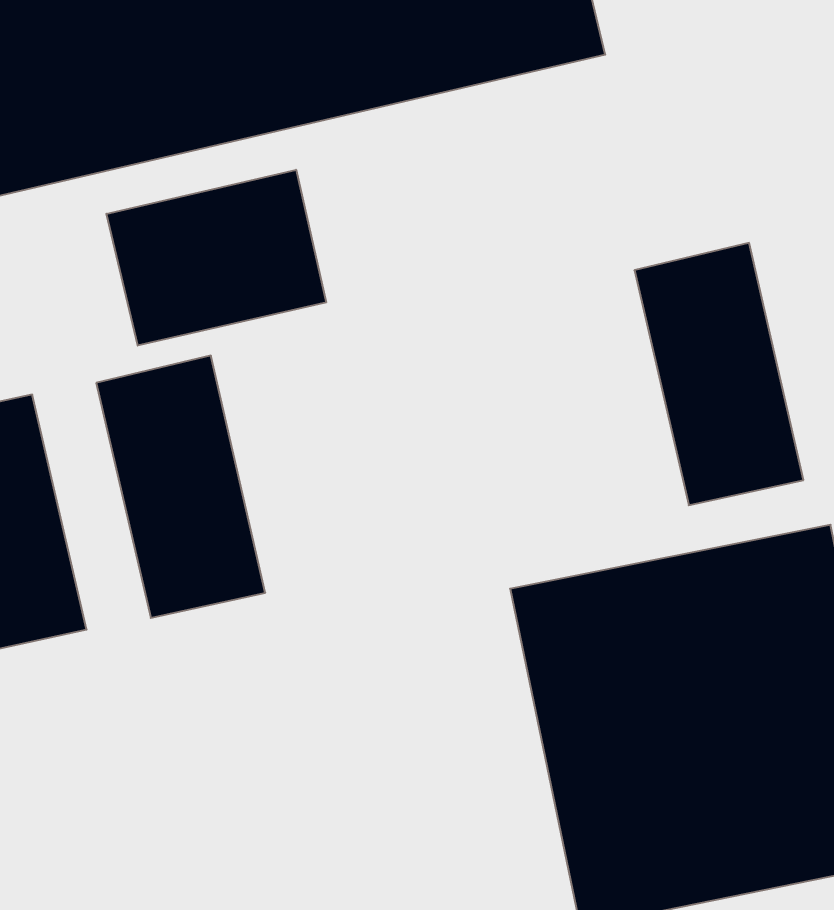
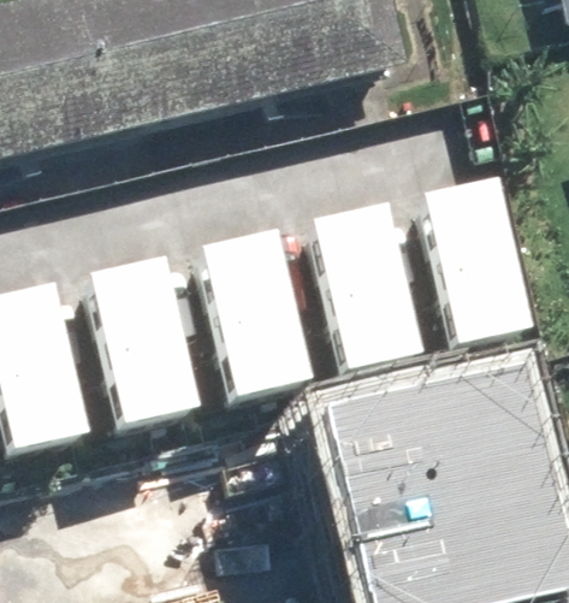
building: [106,170,326,346] -> none
building: none -> [312,202,417,365]
building: none -> [202,227,307,390]

